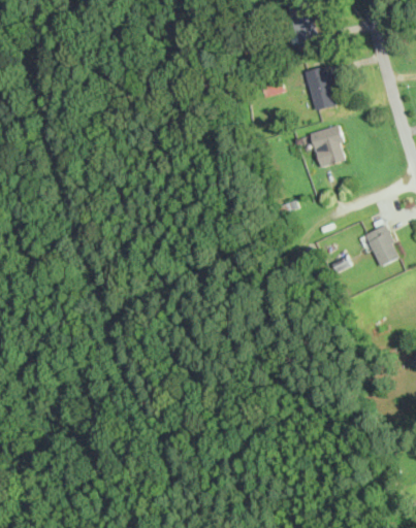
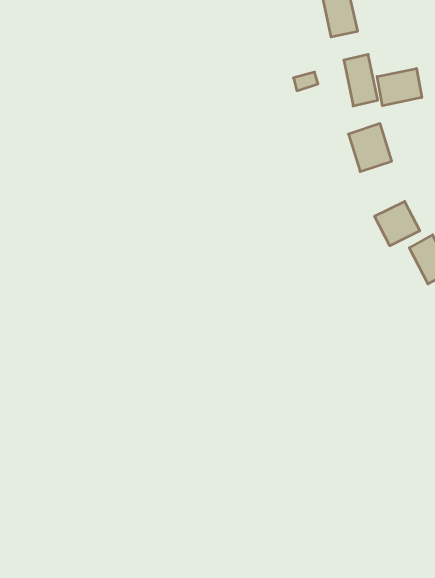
building: none -> [377,68,422,106]
building: none -> [375,201,420,246]

